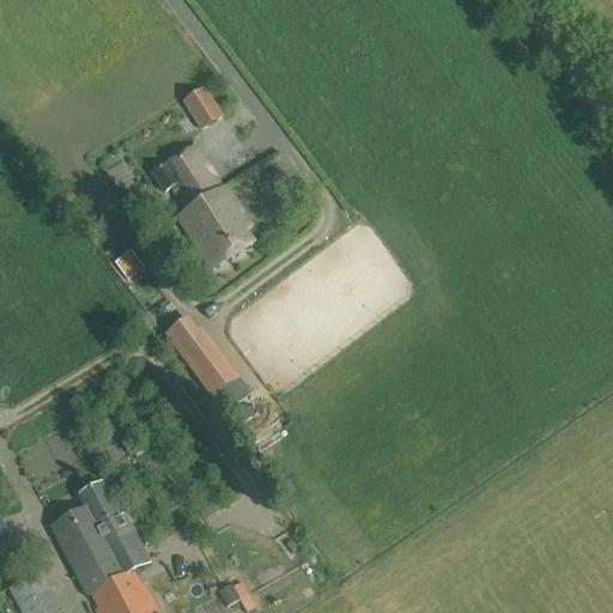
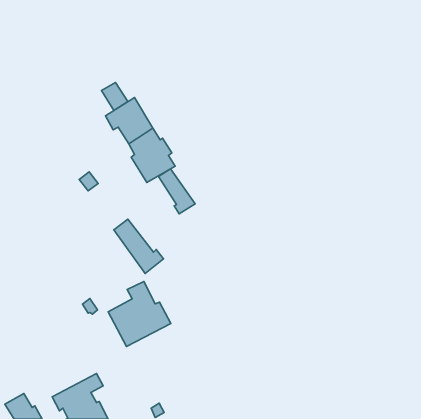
building: [183,86,221,127] -> [102,82,128,110]
building: none -> [159,169,195,214]
building: [49,480,140,575] -> [108,281,171,347]

